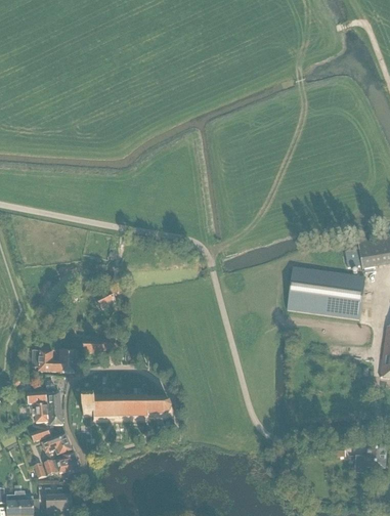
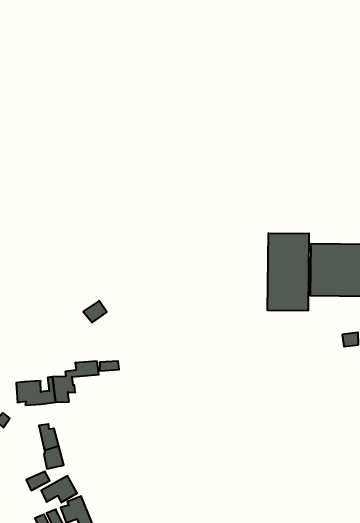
building: none -> [268,233,309,311]
building: [27,391,48,422] -> none
building: [82,397,170,420] -> none

